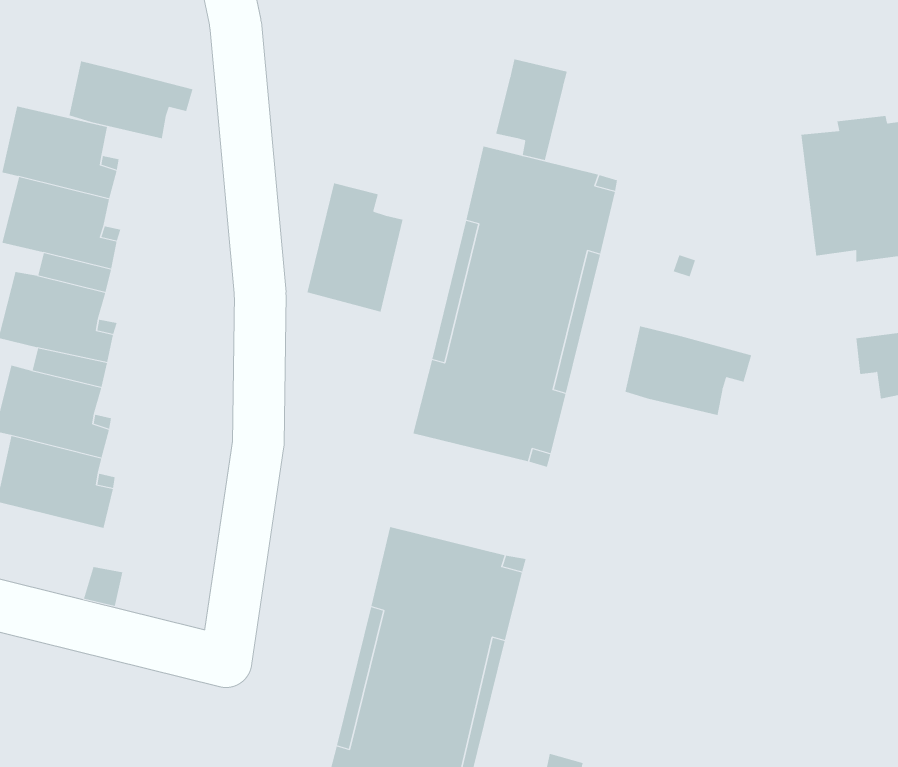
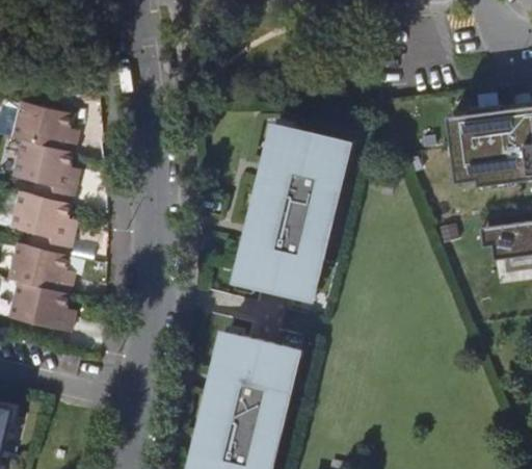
building: [496,58,568,161] -> none
building: [69,60,193,139] -> none
building: [307,183,403,312] -> none
building: [625,326,752,416] -> none

